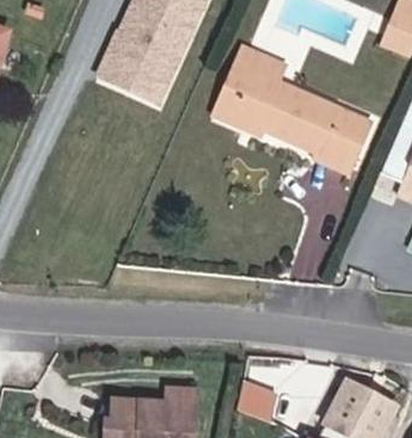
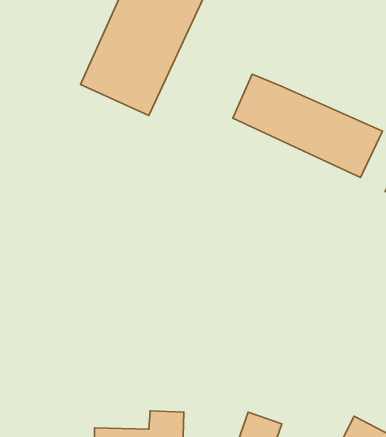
building: [220,43,288,111] -> none

